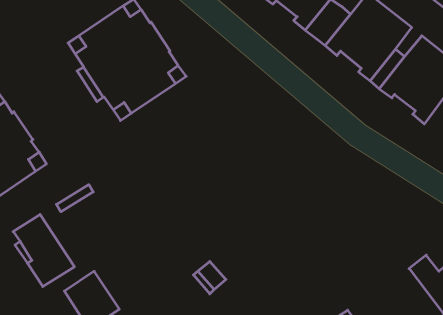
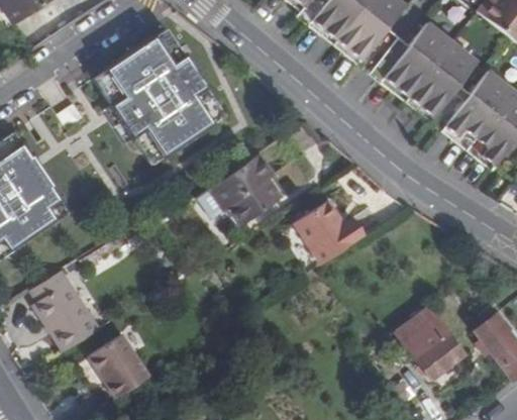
building: none -> [196,152,282,225]
building: none -> [294,200,360,262]
building: none -> [397,306,463,378]

